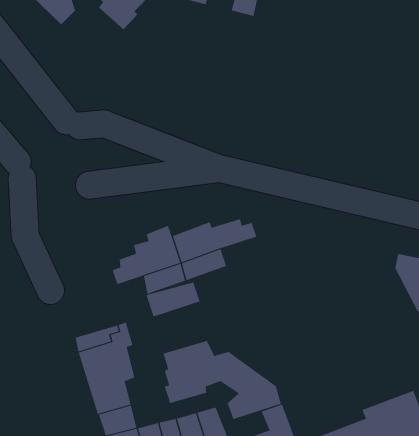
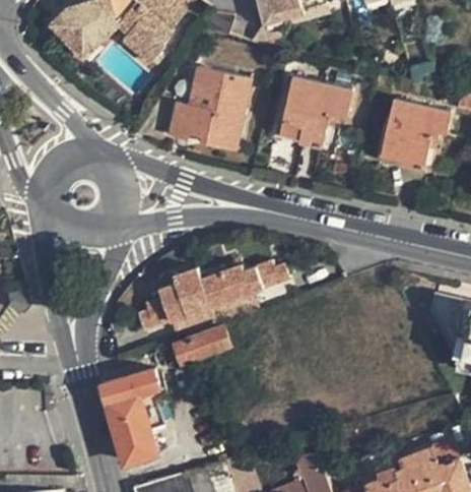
building: none -> [171,69,251,148]
building: none -> [282,76,352,146]
building: none -> [383,99,451,169]
building: [163,340,281,420] -> none

